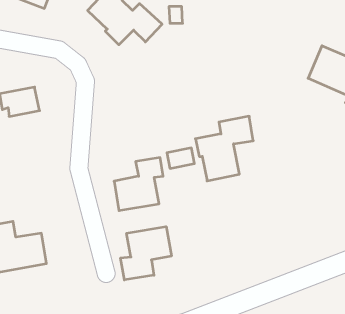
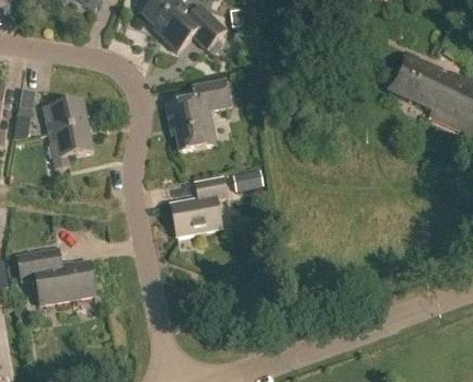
building: none -> [49,125,93,169]
building: [195,116,253,181] -> [165,79,230,151]
building: [121,227,171,280] -> none

